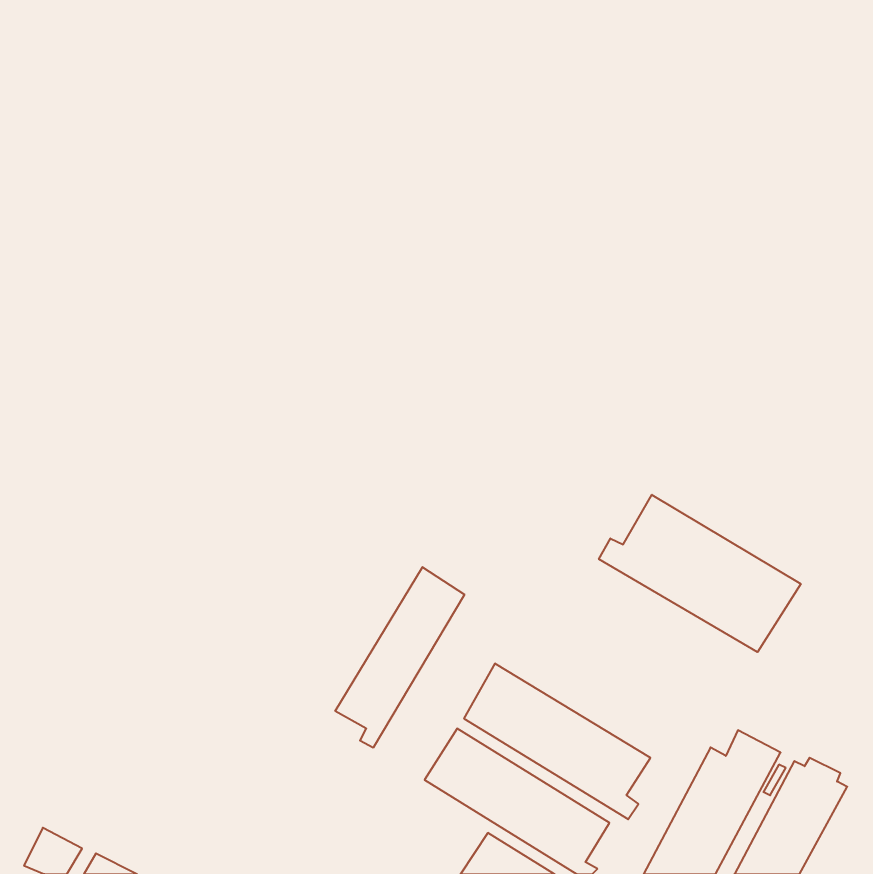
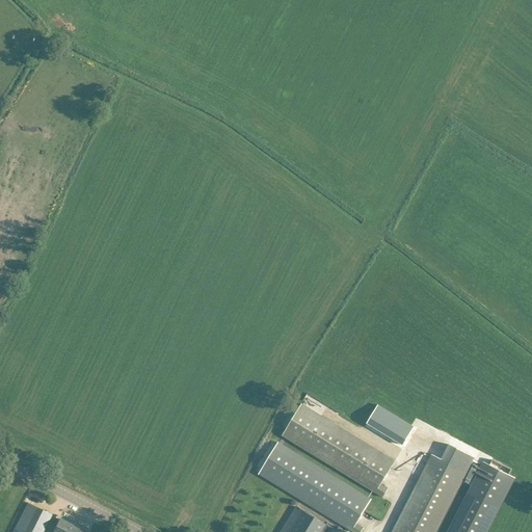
building: [599,495,801,652] -> none
building: [335,567,464,748] -> none
building: none -> [366,405,413,445]

